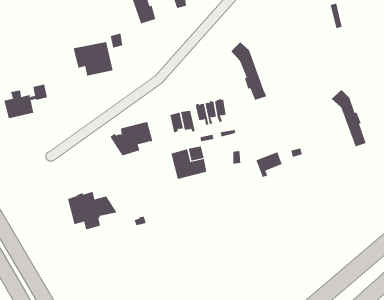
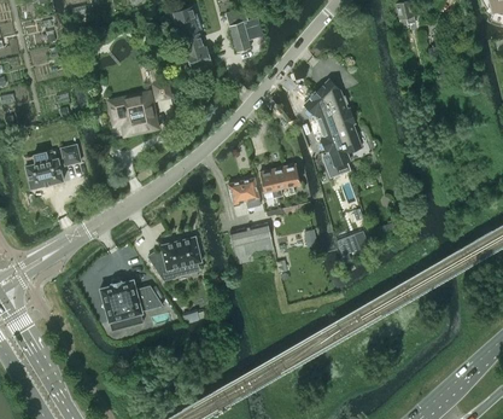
building: [331,89,367,147] -> [316,80,361,152]
building: [109,120,153,156] -> [147,235,201,280]

